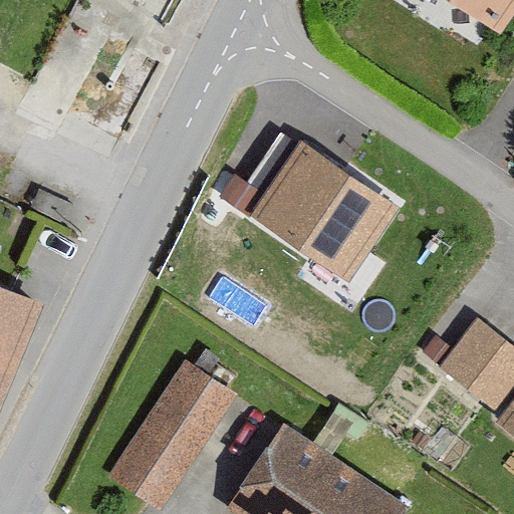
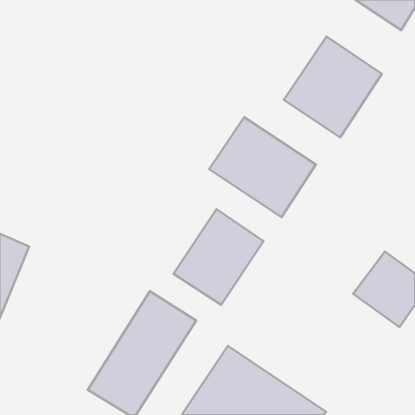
building: none -> [284,37,382,137]
building: none -> [174,209,264,305]

